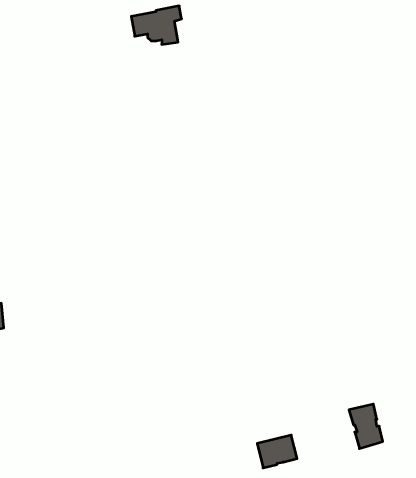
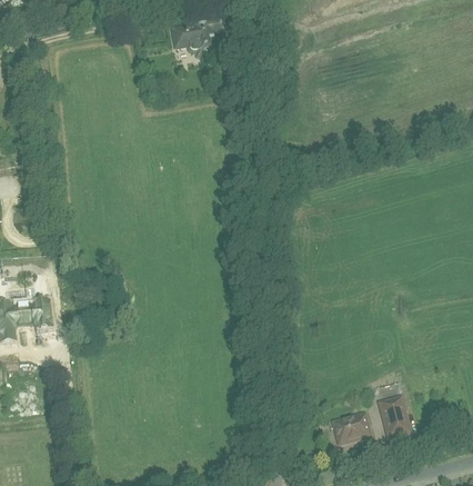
building: [257,435,297,468] -> [332,414,370,445]

